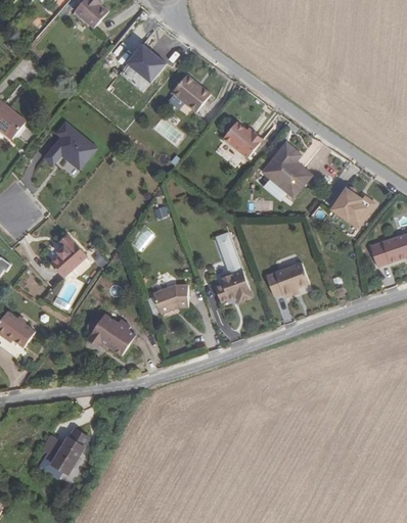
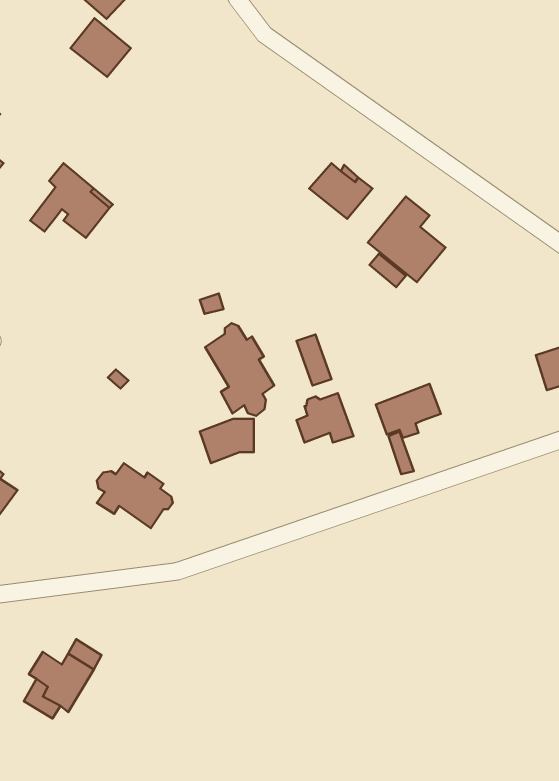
building: [126,44,165,82] -> [71,18,131,77]
building: [168,74,211,110] -> none
building: [331,188,373,227] -> none
building: none -> [205,323,274,416]
building: [48,233,86,276] -> none

